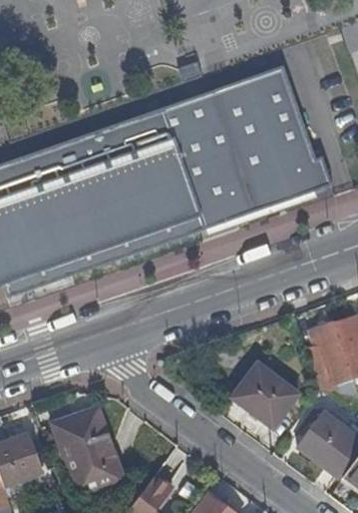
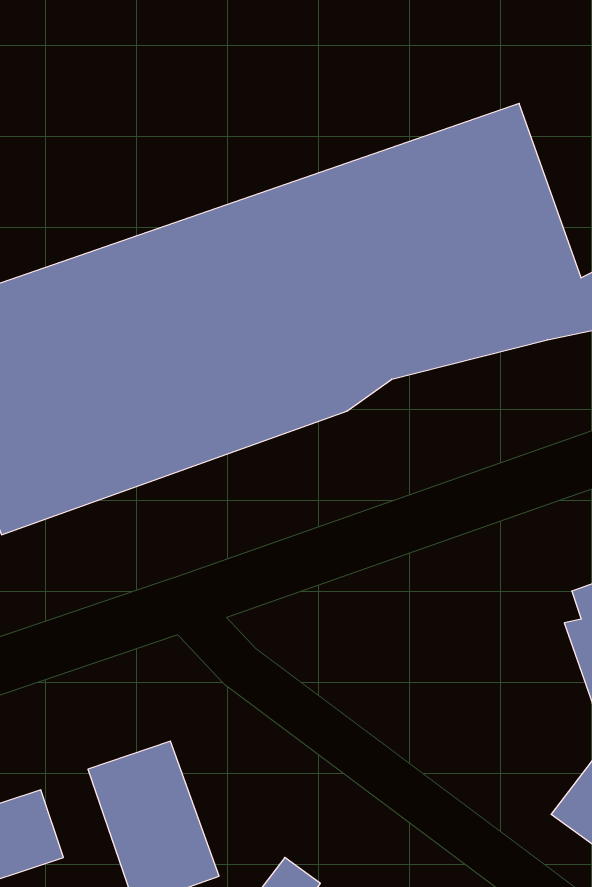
building: [240,360,299,425] -> none

